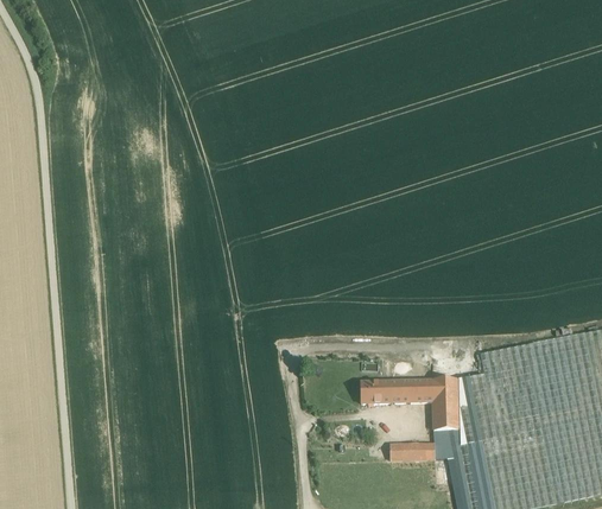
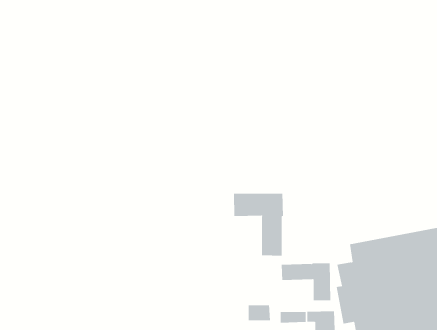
building: none -> [233,193,283,257]
building: [361,380,392,401] -> [248,305,271,321]

